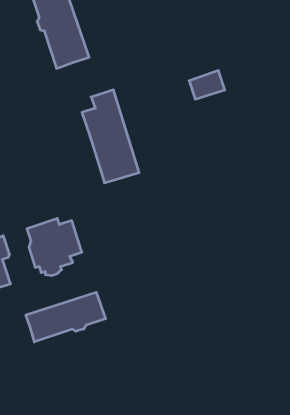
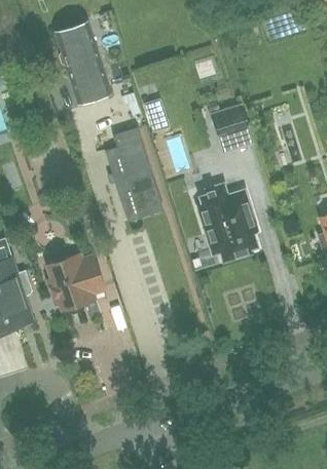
building: none -> [197,185,257,262]
building: [26,292,106,342] -> none

